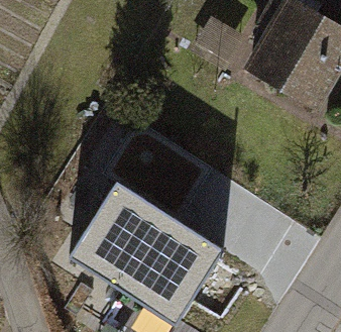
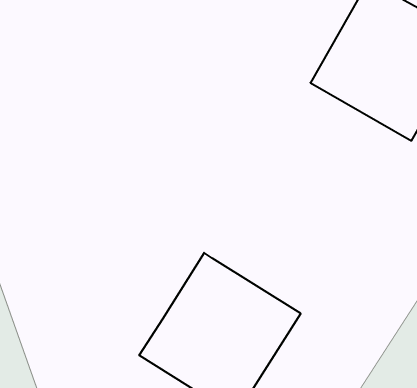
building: [81,140,190,251] -> none

